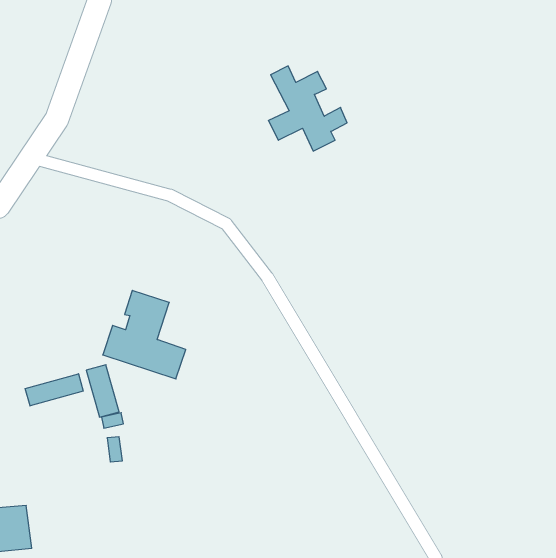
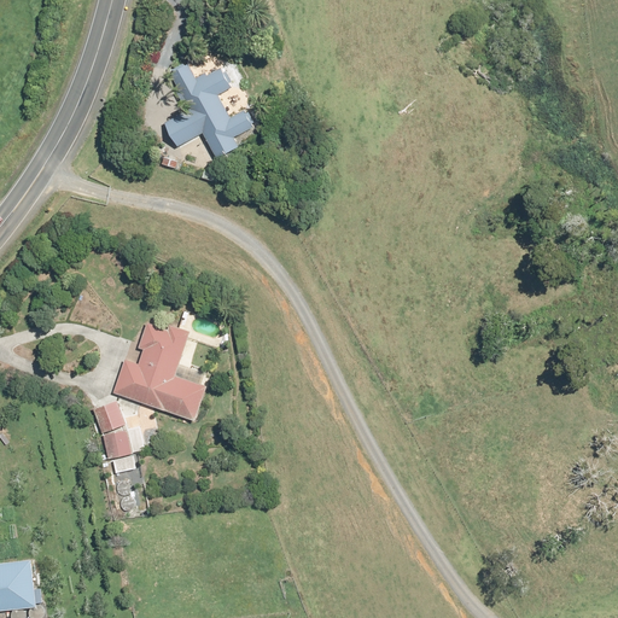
building: [268,66,347,151] -> [165,64,252,158]
building: [25,374,83,406] -> none

